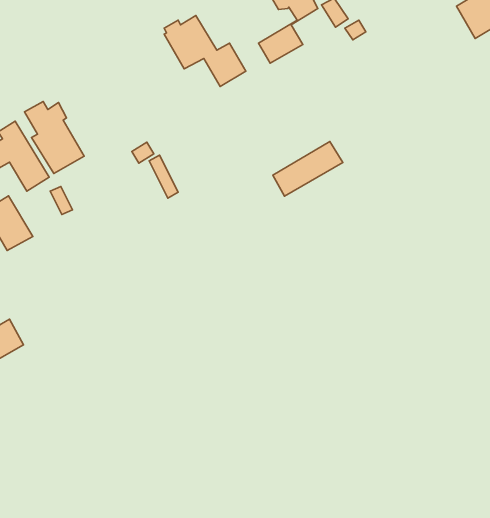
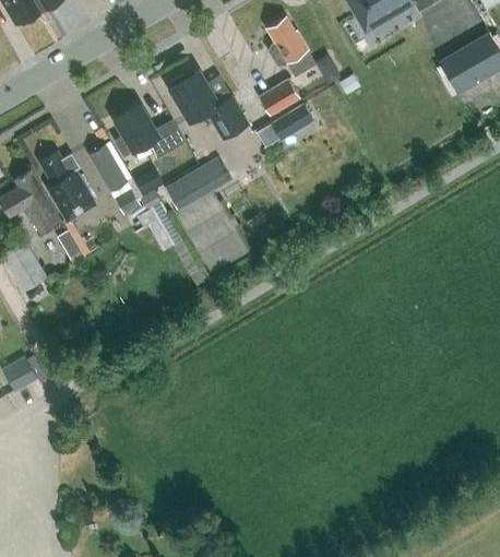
building: none -> [114,106,186,158]
building: none -> [272,106,311,139]
building: none -> [88,144,141,215]
building: [273,142,343,196] -> [166,158,231,210]

